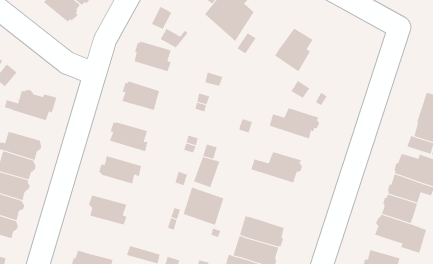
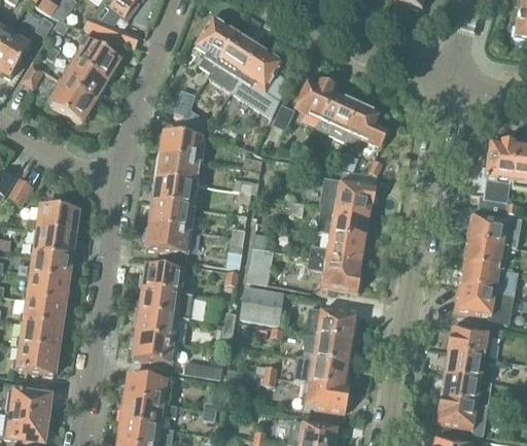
building: none -> [295,79,336,117]
building: none -> [346,103,387,145]
building: none -> [156,156,201,184]
building: none -> [149,202,195,231]
building: none -> [28,230,75,259]
building: none -> [316,206,368,239]
building: none -> [306,258,361,291]
building: none -> [135,287,191,318]
building: none -> [130,335,176,365]

